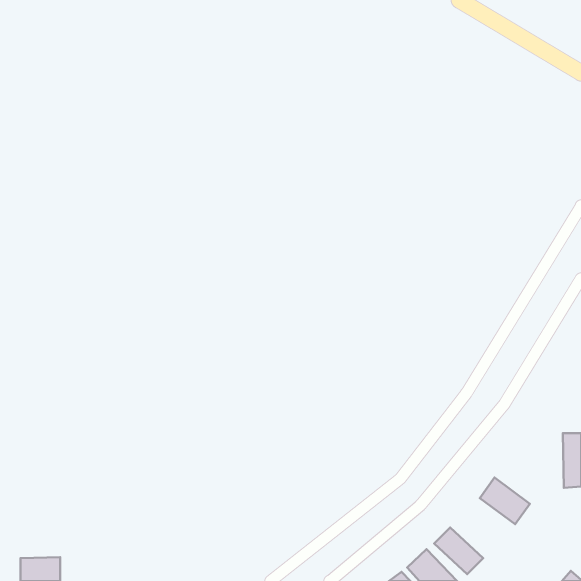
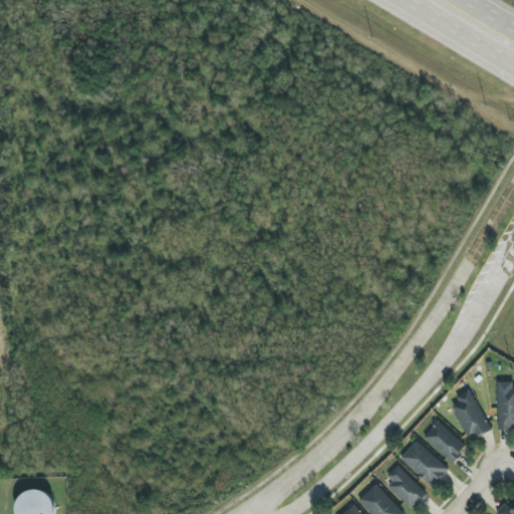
building: none -> [453,390,490,441]
building: none -> [402,441,449,487]

